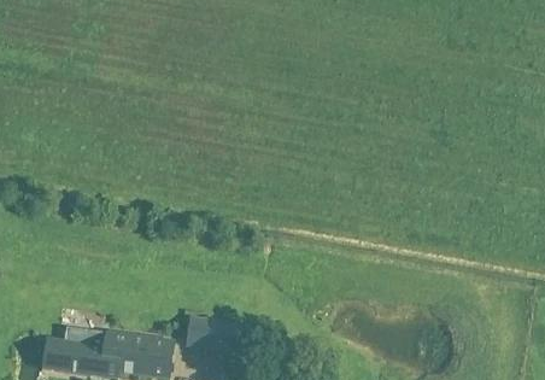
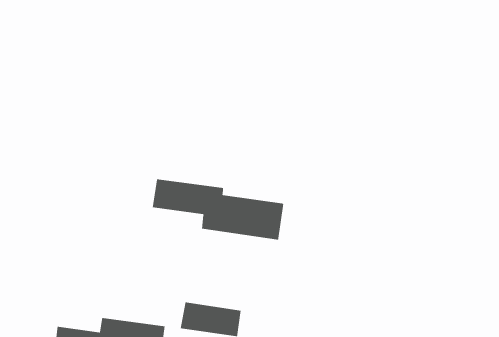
building: none -> [136,176,287,240]

